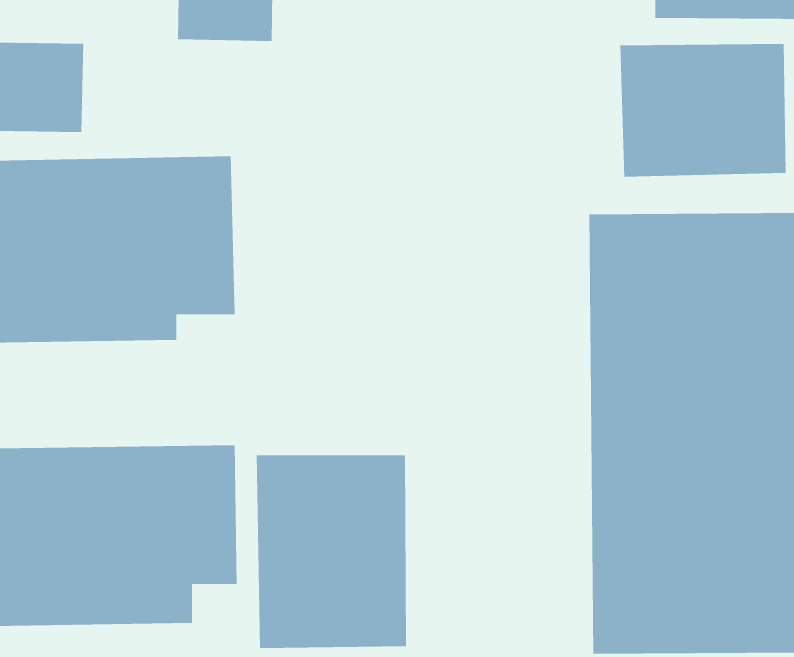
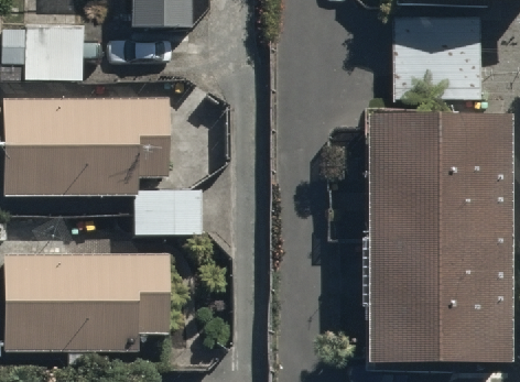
building: [256,454,406,649] -> none

